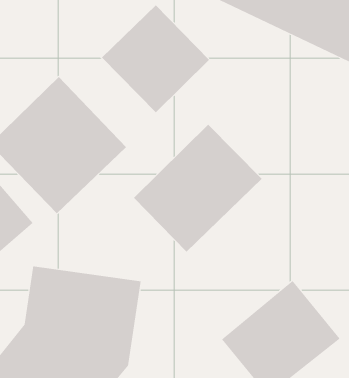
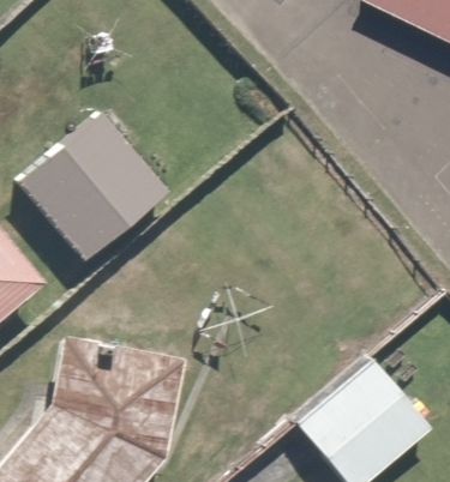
building: [101,4,210,113] -> none
building: [133,124,262,253] -> none

